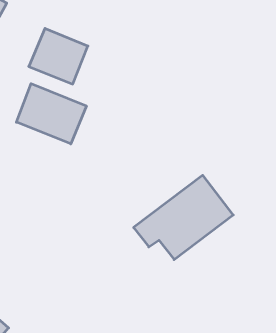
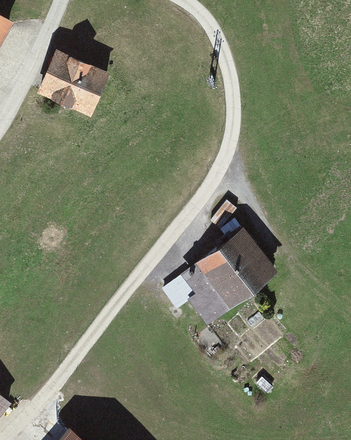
building: [16,84,86,144] -> none

